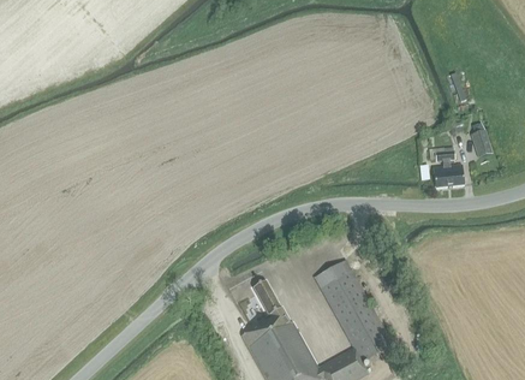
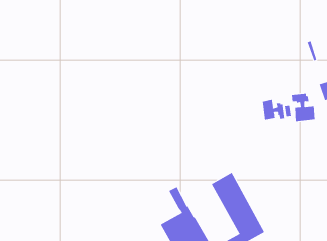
building: none -> [262,99,285,121]

